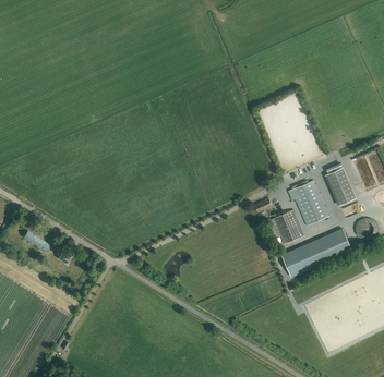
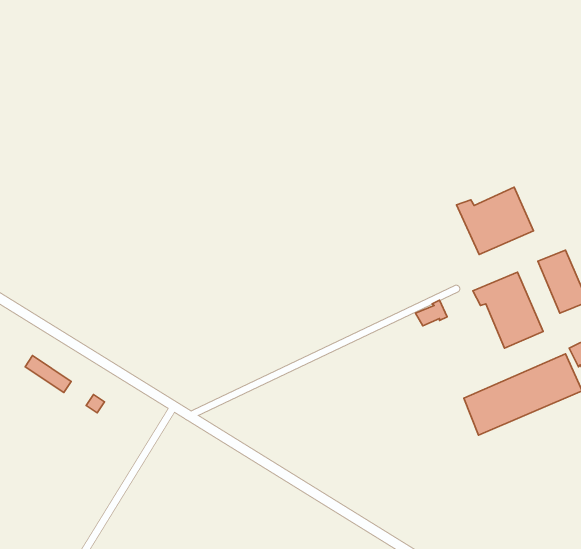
building: none -> [457,187,534,255]
building: [273,209,303,243] -> none

